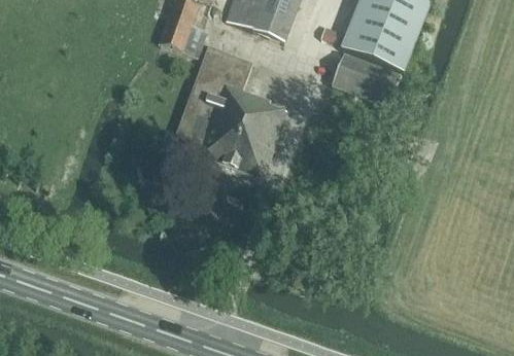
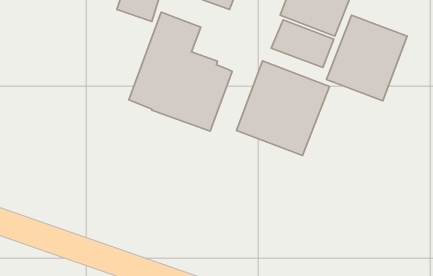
building: none -> [327,15,407,101]
building: none -> [236,61,330,155]

